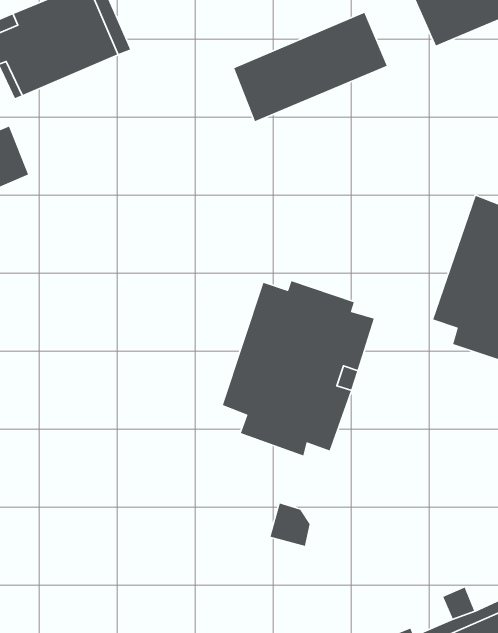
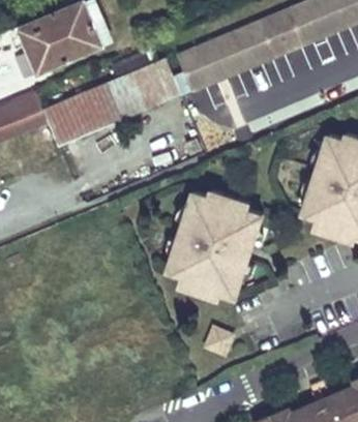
building: none -> [42,60,186,146]

